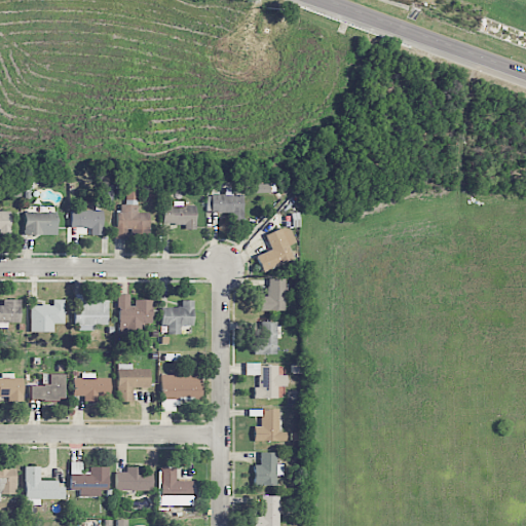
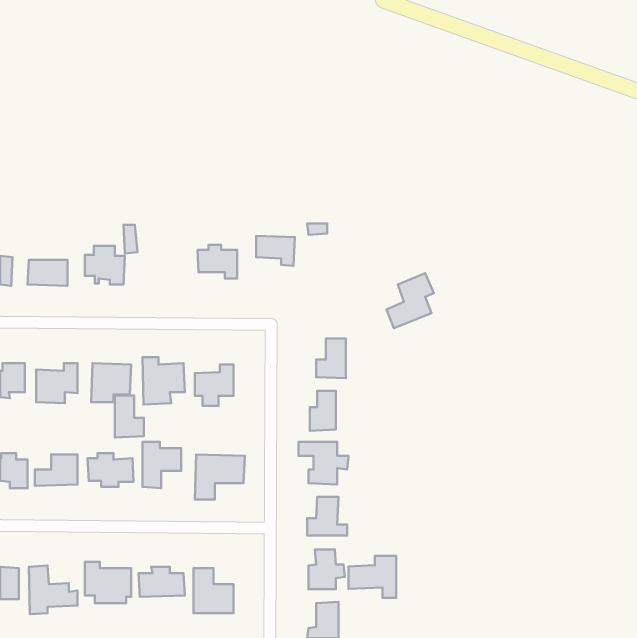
building: [117,187,150,238] -> none
building: [257,226,296,271] -> [386,273,434,328]
building: none -> [115,395,144,437]
building: none -> [349,556,396,598]

